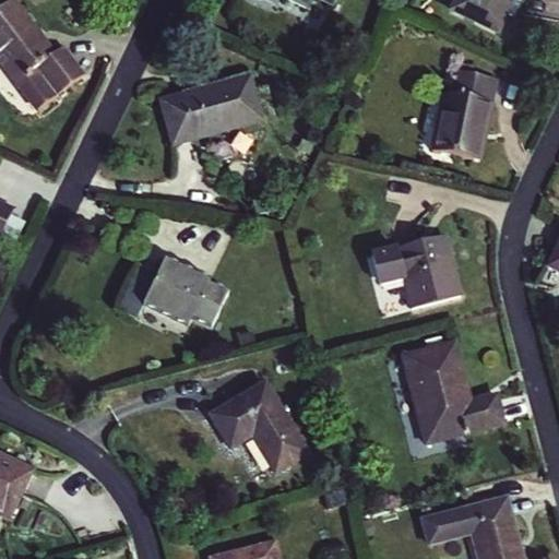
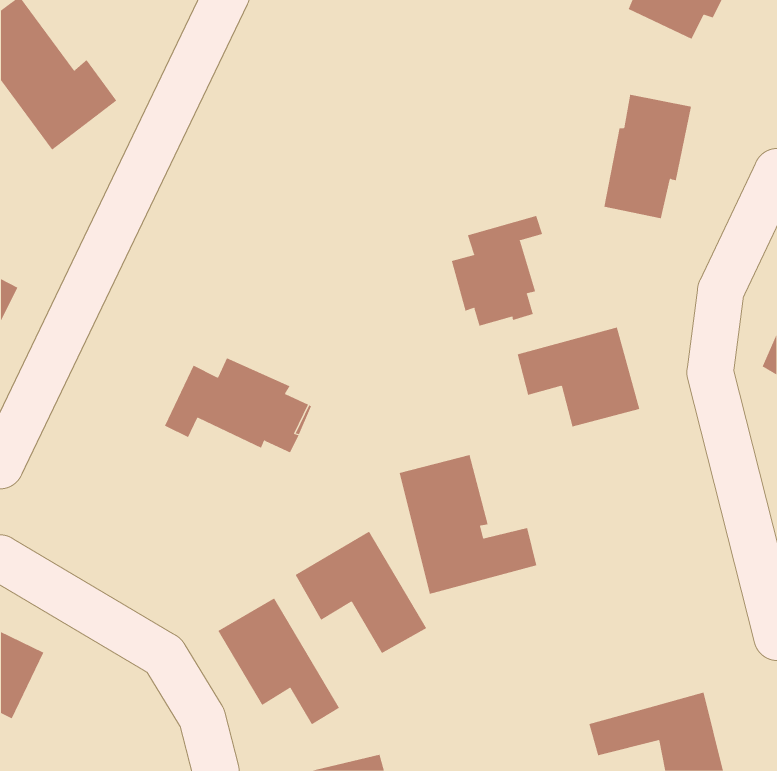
building: [163,76,261,142] -> none
building: none -> [451,215,543,327]
building: [403,342,502,442] -> [399,454,537,594]
building: none -> [218,598,340,725]

